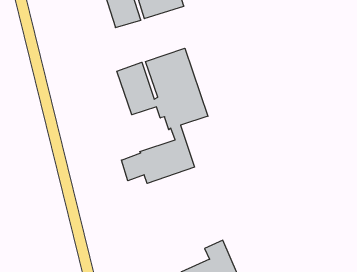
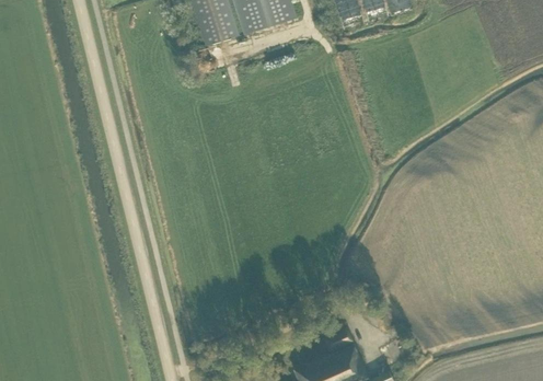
building: [117,48,208,183] -> none

